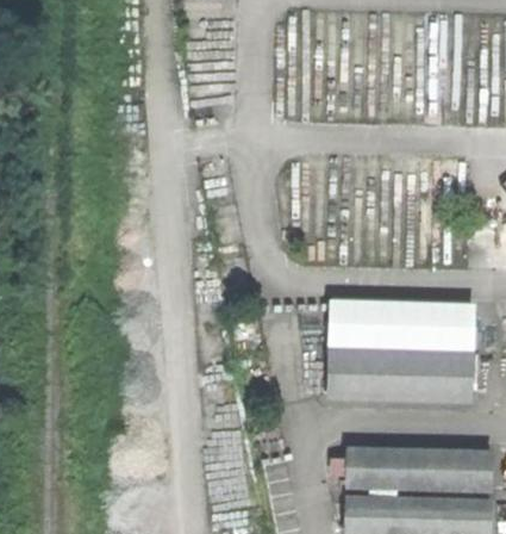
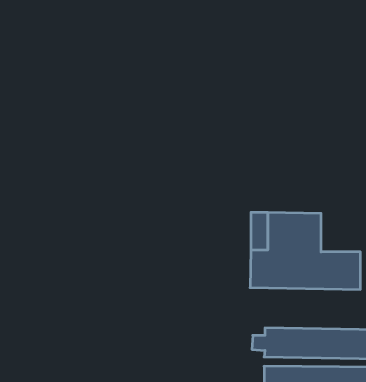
building: [423,304,473,353] -> none

